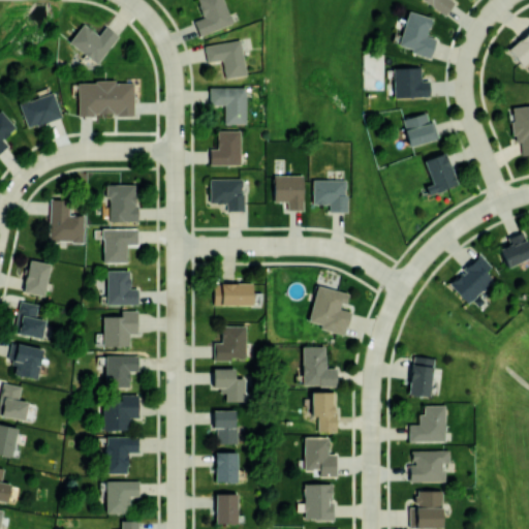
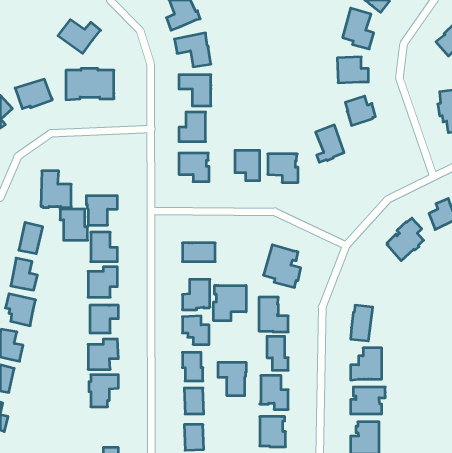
building: [425,153,458,196] -> [316,125,344,162]
building: [107,186,139,222] -> [60,209,88,240]
building: none -> [214,285,246,321]
building: none -> [218,362,246,396]
building: [107,481,141,514] -> none

